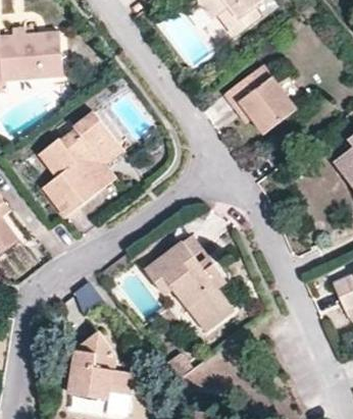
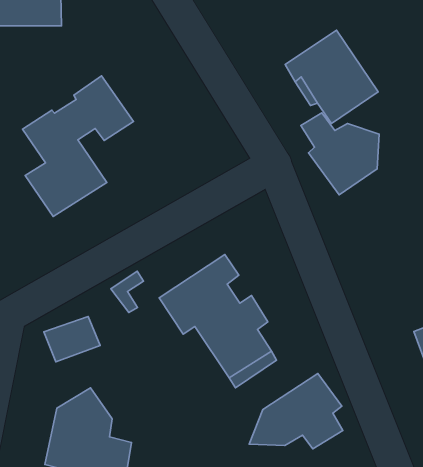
building: none -> [301,113,379,195]
building: [79,142,124,188] -> none
building: none -> [249,373,343,449]

